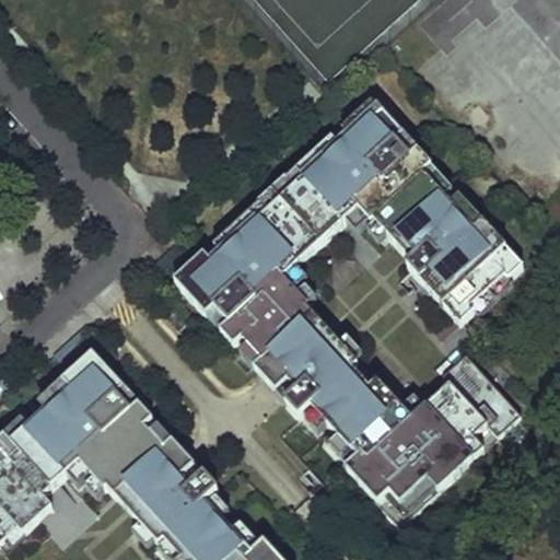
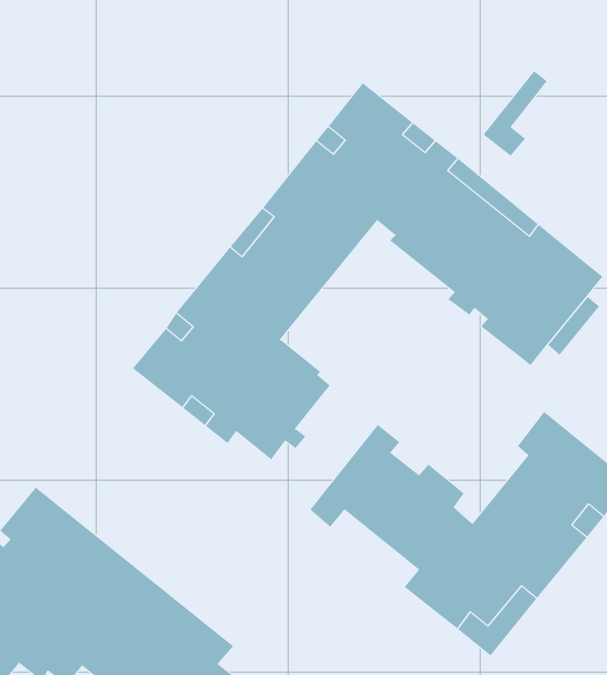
building: none -> [483,70,547,156]
building: [254,312,342,398] -> none

